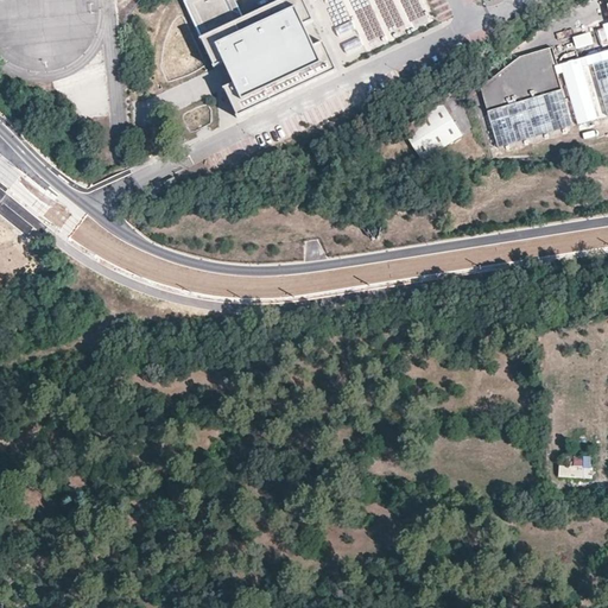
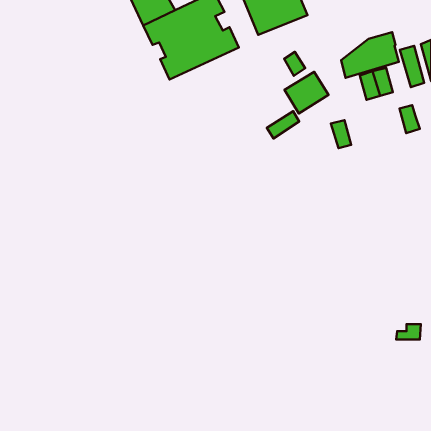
building: none -> [284,52,305,76]
building: [542,90,570,129] -> [400,105,420,133]
building: [486,106,514,145] -> [331,120,351,148]
building: none -> [267,111,299,138]

